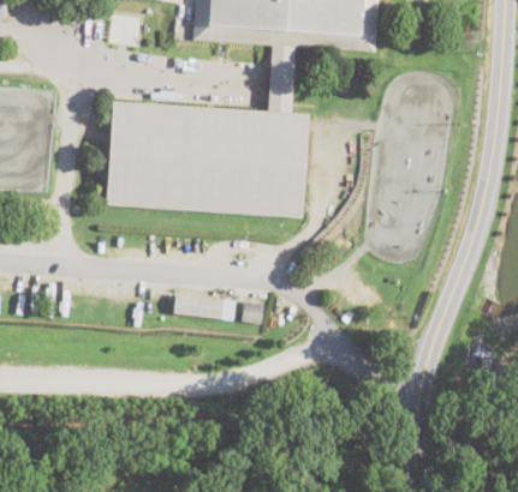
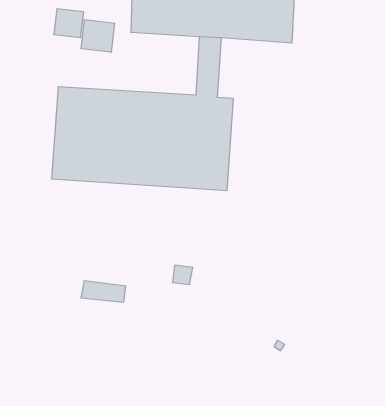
building: none -> [81,20,114,52]
building: [174,294,225,318] -> [81,281,126,302]

